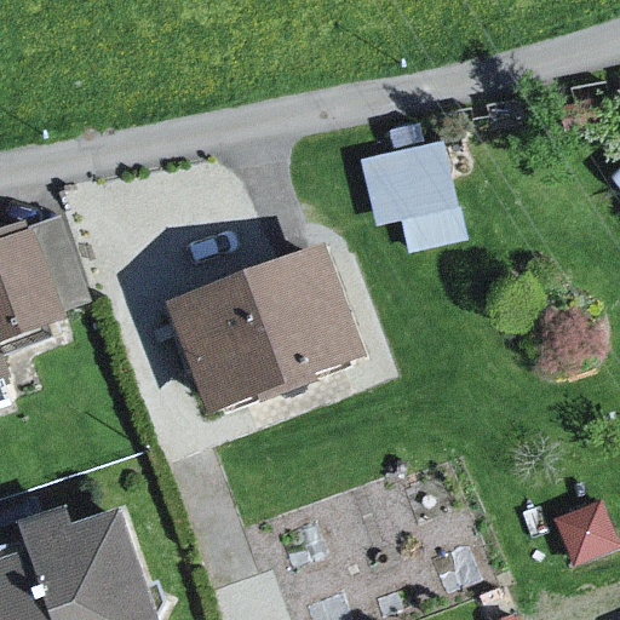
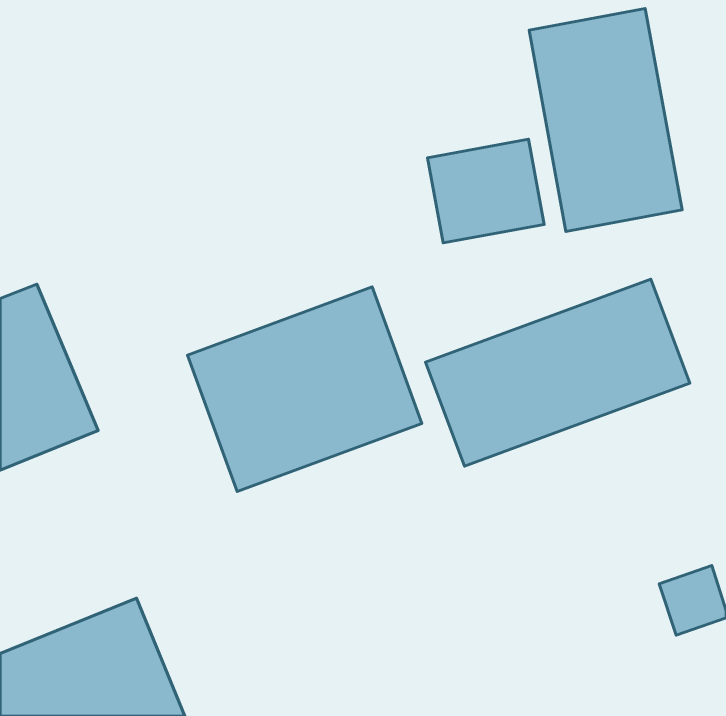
building: none -> [529,8,682,232]
building: none -> [425,279,690,466]

